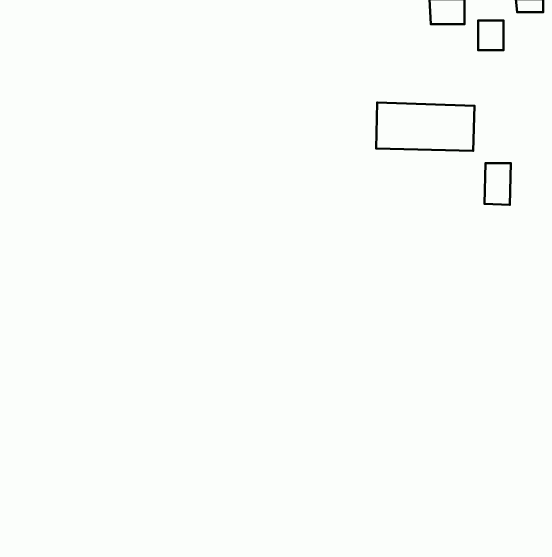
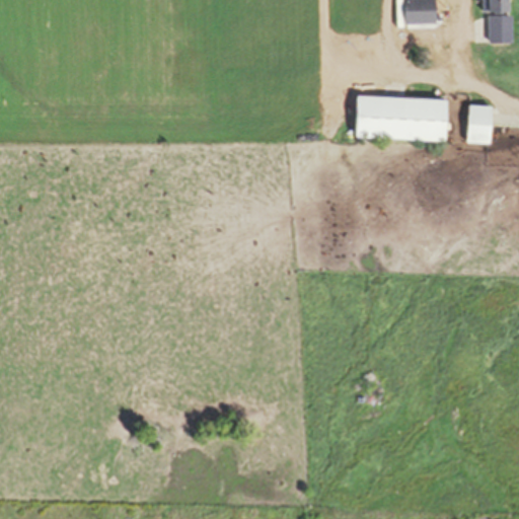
building: [478,21,503,50] -> [490,14,513,42]
building: [485,163,511,205] -> [467,104,492,143]

